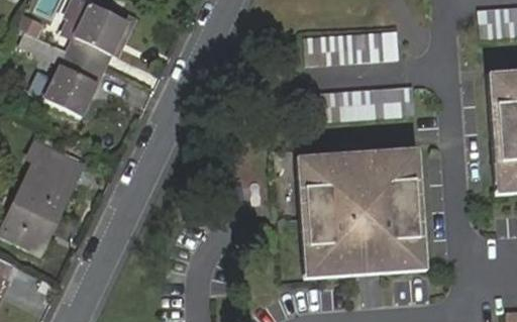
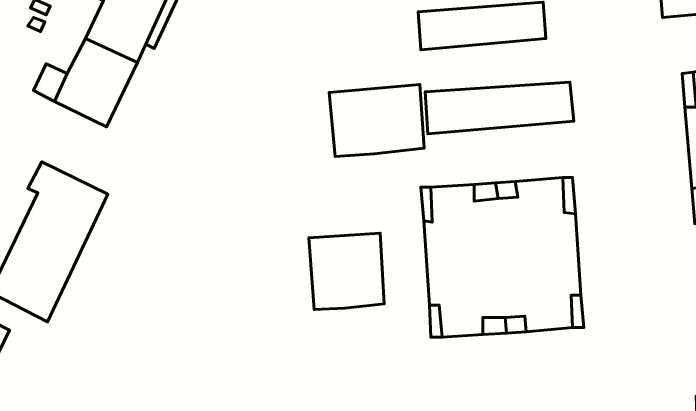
building: none -> [329,85,424,157]
building: none -> [309,233,384,309]

